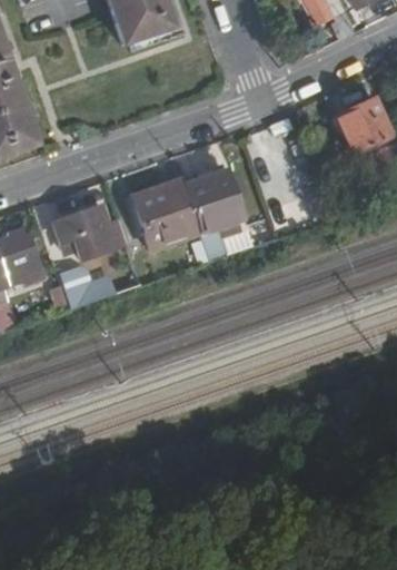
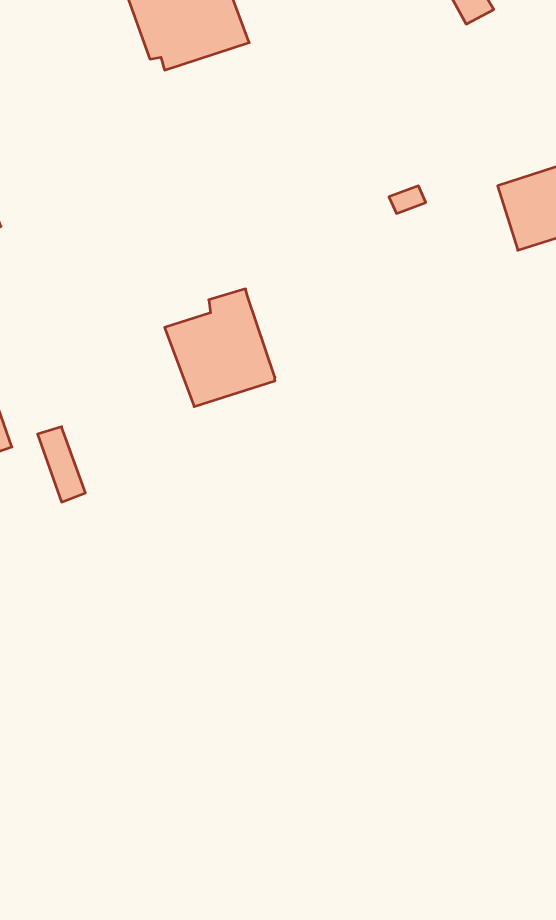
building: [182,171,241,233] -> none
building: [53,205,126,258] -> none

